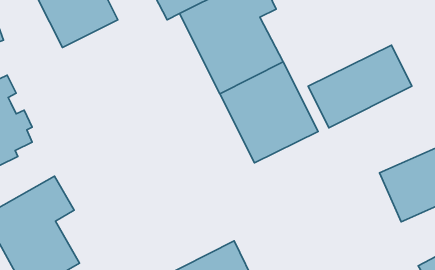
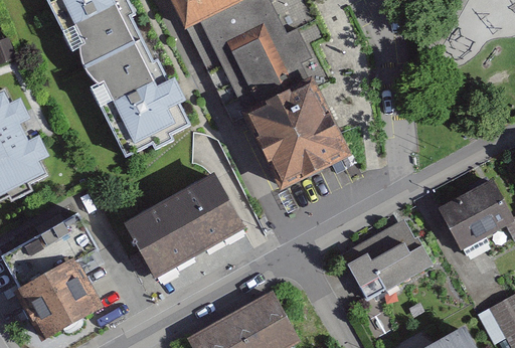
building: none -> [78,35,185,154]
building: [308,45,412,128] -> none
building: none -> [121,174,241,281]
building: none -> [338,225,442,309]

